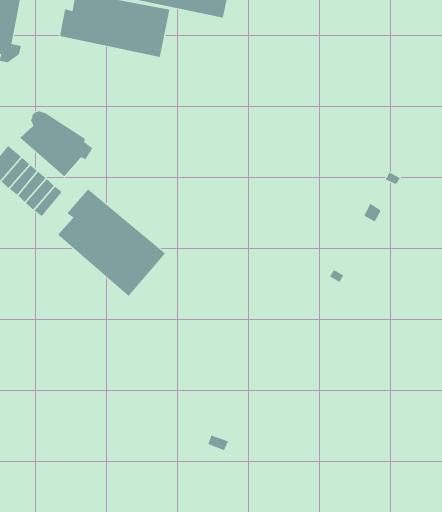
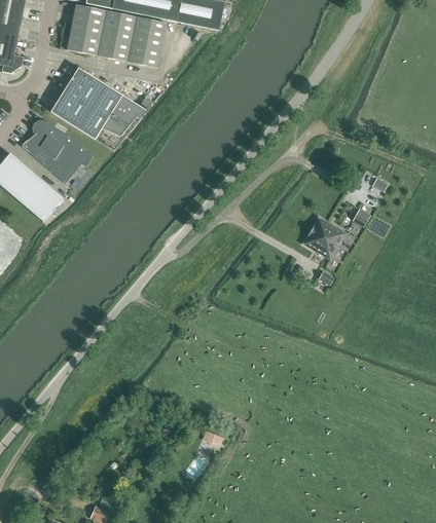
building: none -> [50,67,151,140]
building: [57,188,166,297] -> none
building: none -> [302,216,346,259]

